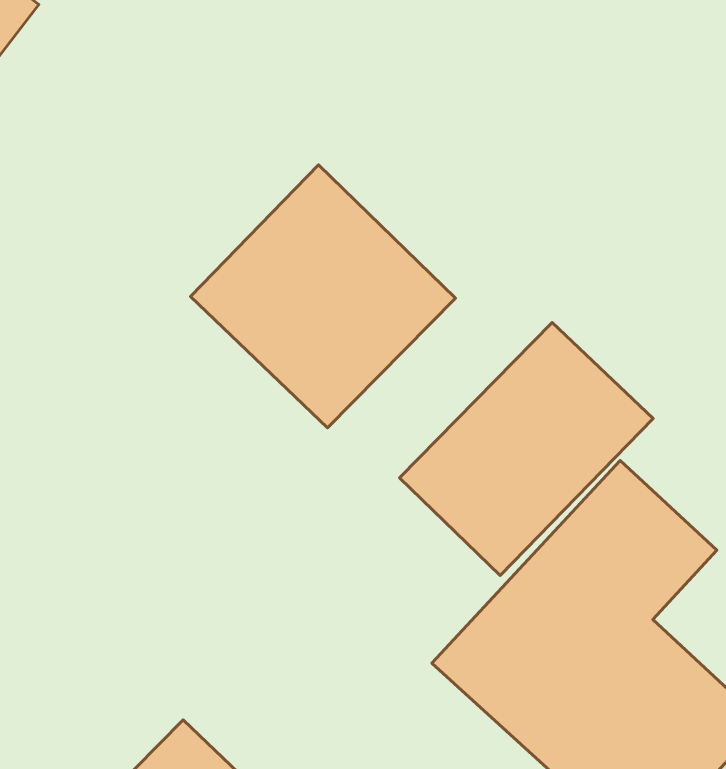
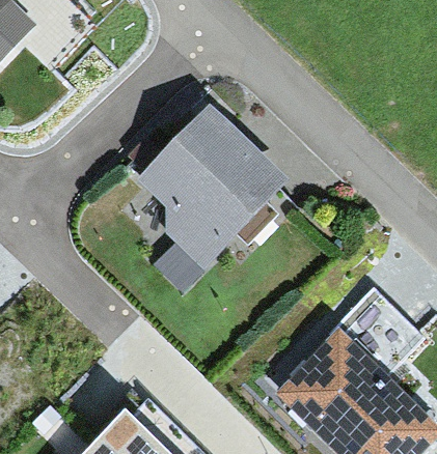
building: [400,322,653,576] -> none

